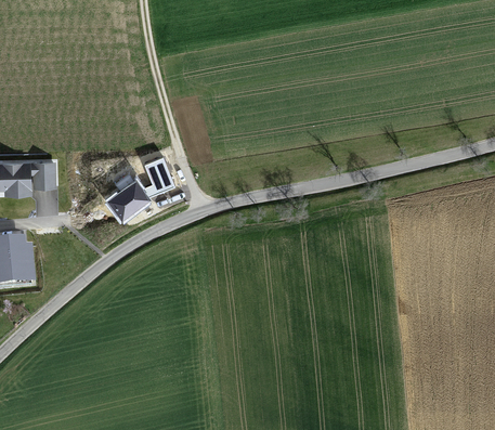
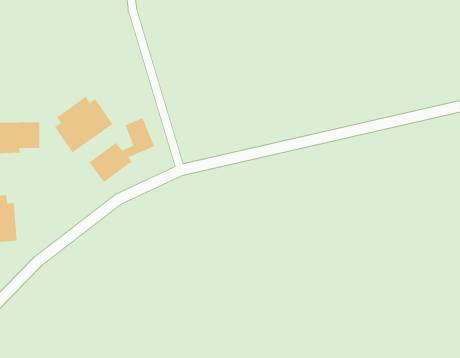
building: none -> [54,96,113,153]

